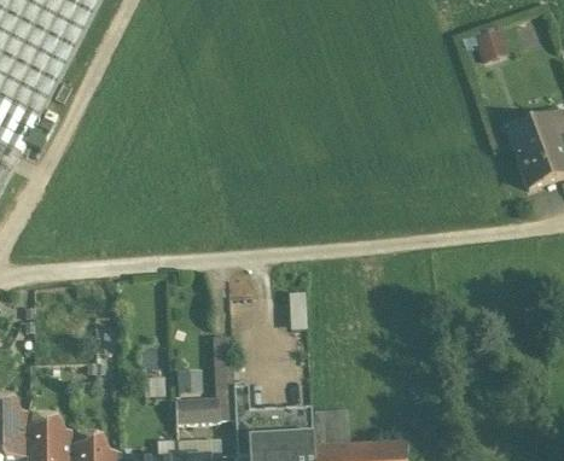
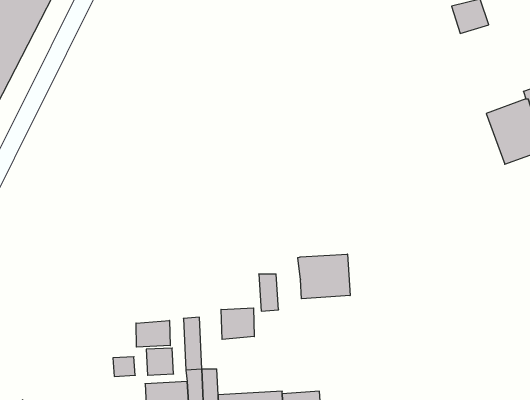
building: none -> [298,254,350,299]
building: none -> [221,308,254,339]
building: none -> [136,320,170,347]

